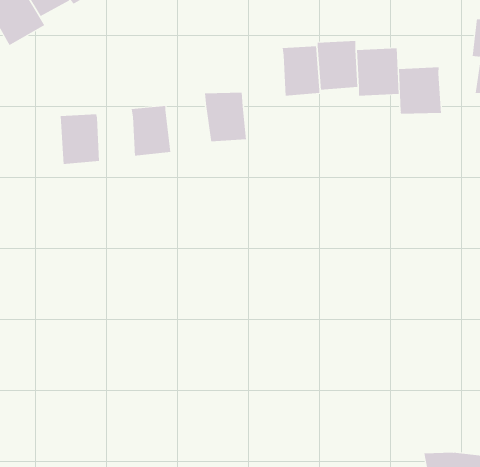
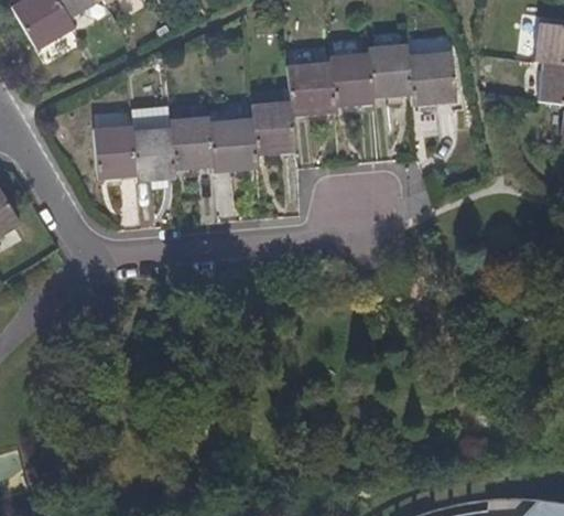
building: none -> [288,62,335,117]
building: [399,66,441,115] -> none
building: none -> [208,117,257,171]
building: none -> [135,128,175,180]

